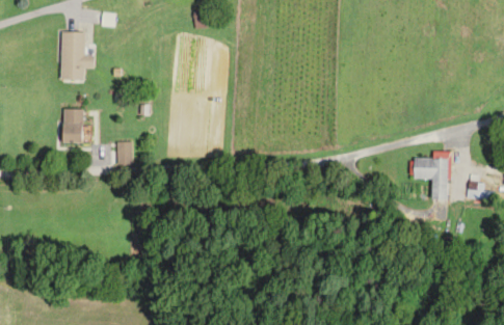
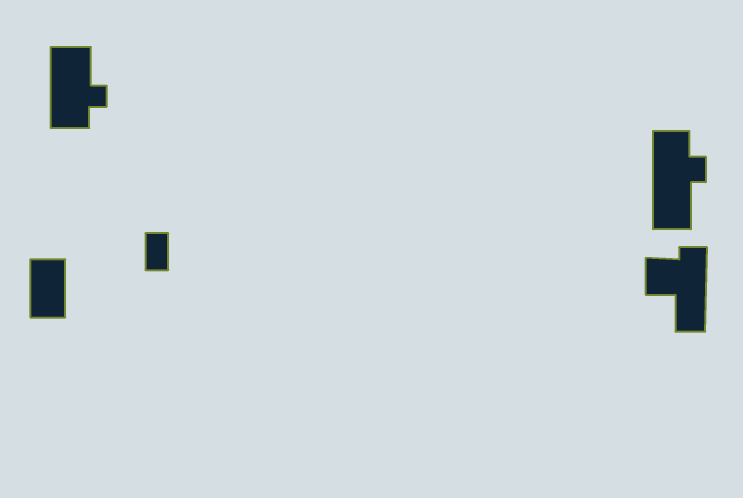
building: none -> [653,131,706,229]
building: [62,109,83,143] -> [30,259,65,317]

